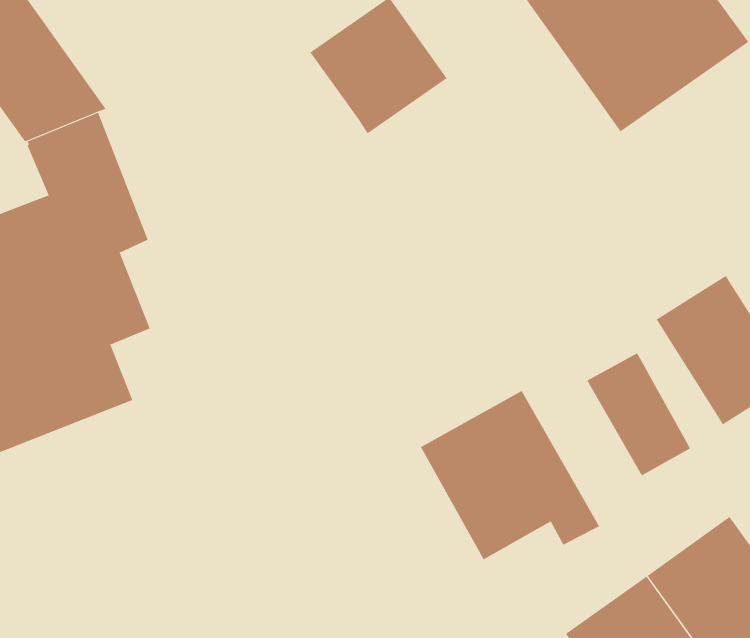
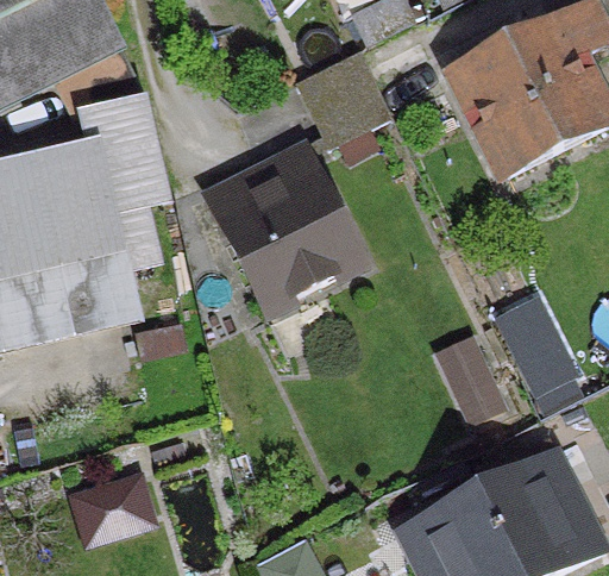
building: none -> [201,146,356,311]
building: [420,390,600,560] -> none

